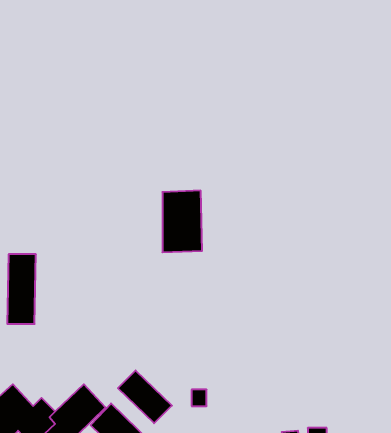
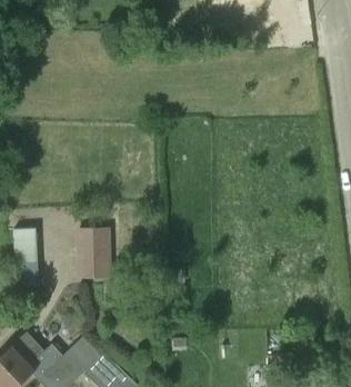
building: [162,191,202,252] -> [77,228,109,278]
building: [118,370,172,423] -> none

